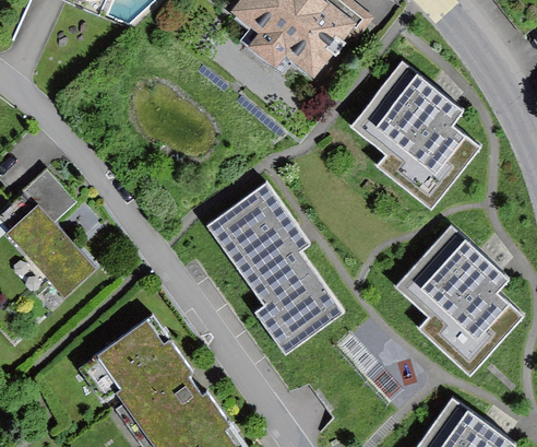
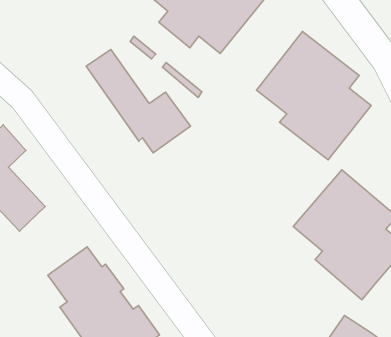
building: none -> [86,50,190,153]
building: [207,185,347,357] -> none

